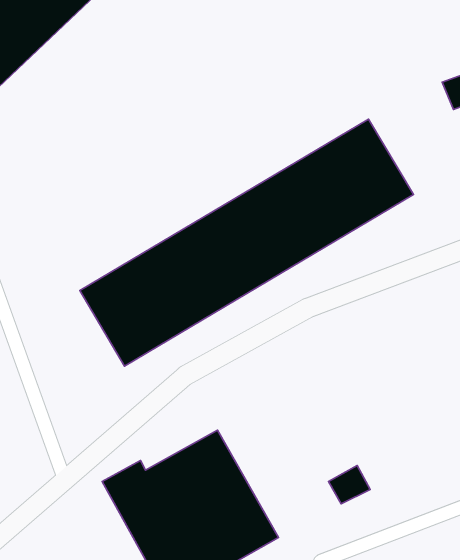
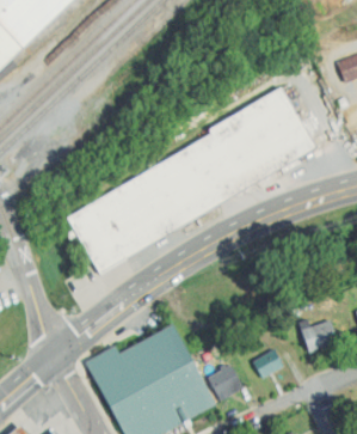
building: none -> [300,318,337,352]
building: none -> [205,365,242,401]

